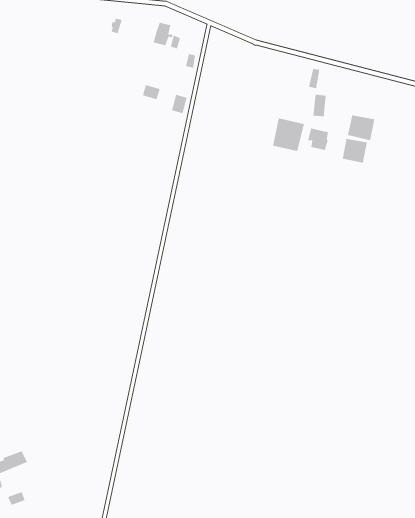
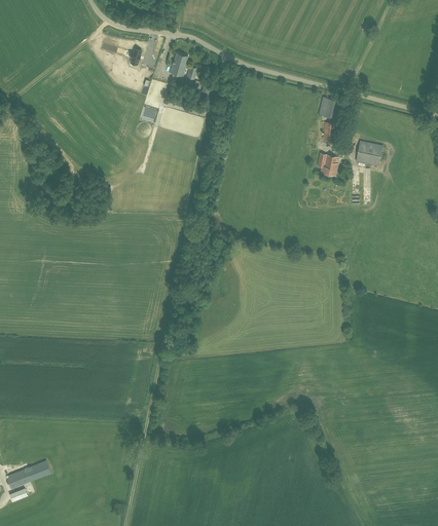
building: [272,117,305,152] -> none
building: [342,138,368,164] -> none

